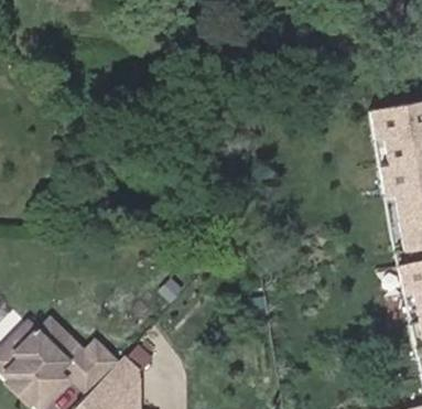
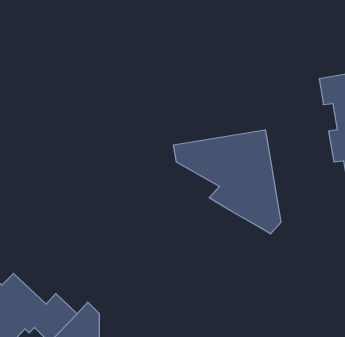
building: none -> [174,130,281,234]

